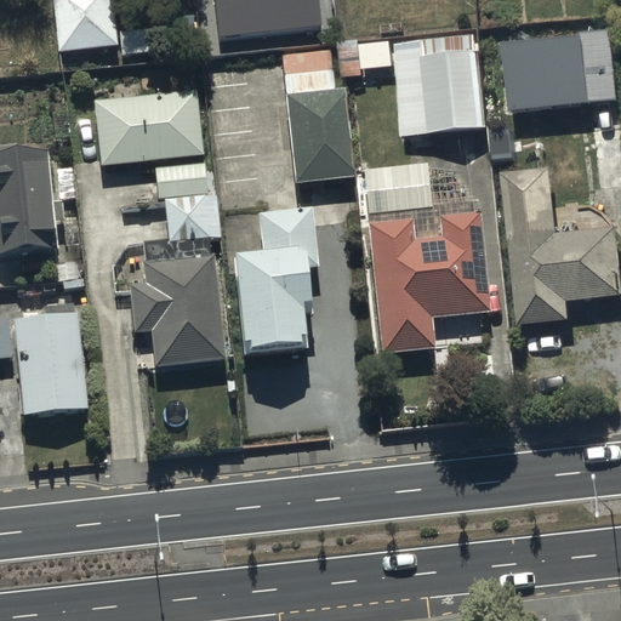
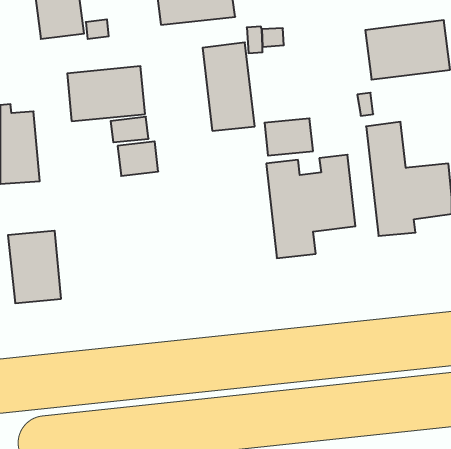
building: [394,34,486,132] -> none
building: [233,209,315,354] -> none
building: [126,256,226,366] -> none

